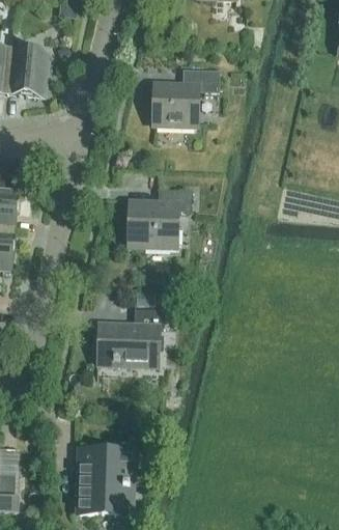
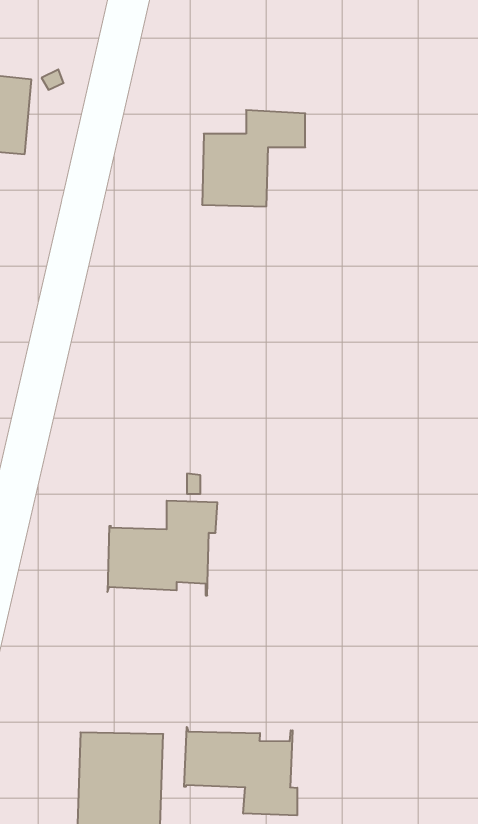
building: [126,189,191,248] -> none
building: none -> [184,727,297,815]

